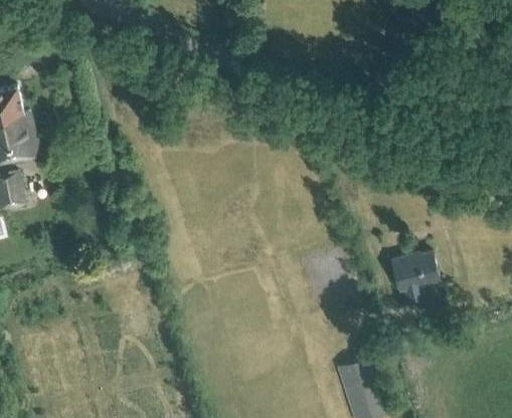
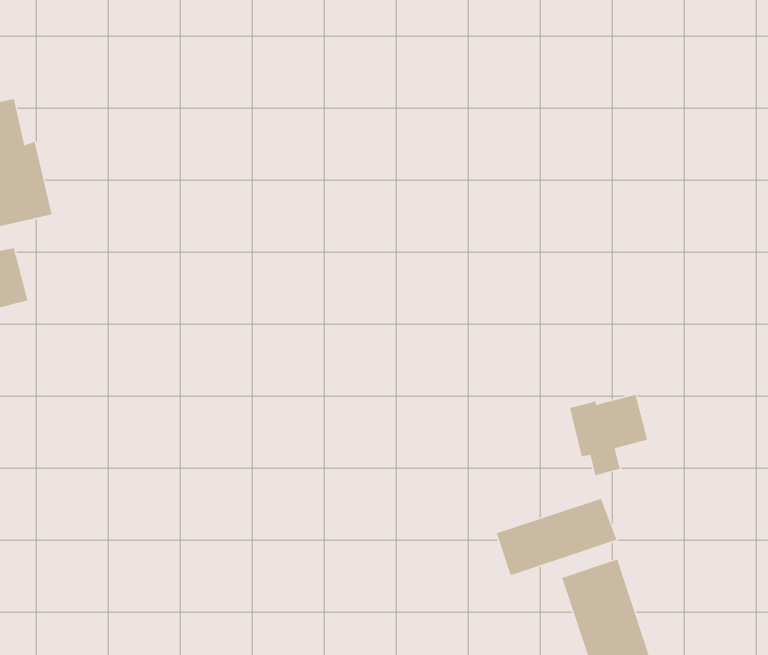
building: [392,251,439,299] -> [569,394,648,476]
building: none -> [496,498,618,576]

